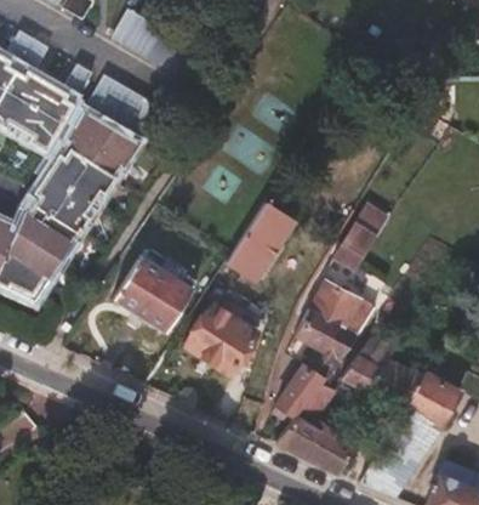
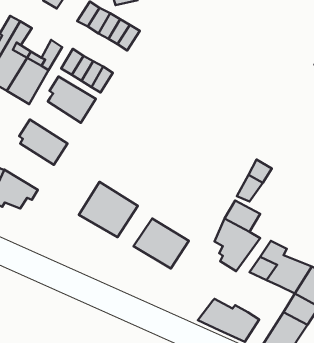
building: [46,146,115,203] -> none
building: [230,198,295,278] -> none
building: [11,203,79,266] -> none
building: [276,363,326,416] -> none

